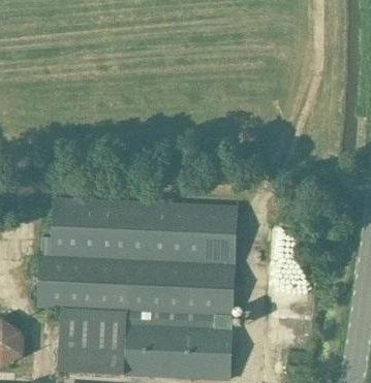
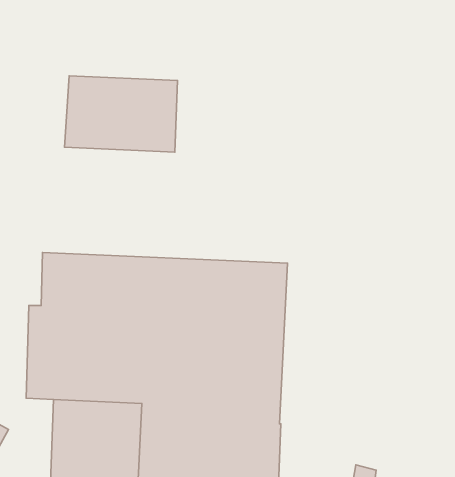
building: none -> [65,76,178,152]

